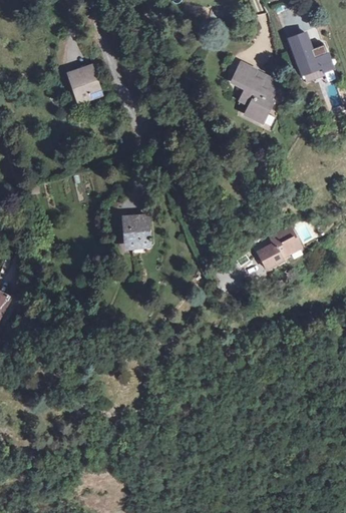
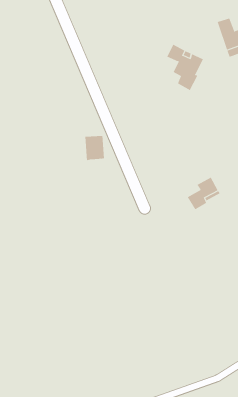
building: [68,67,96,100] -> none
building: [122,216,147,247] -> [85,136,105,161]

